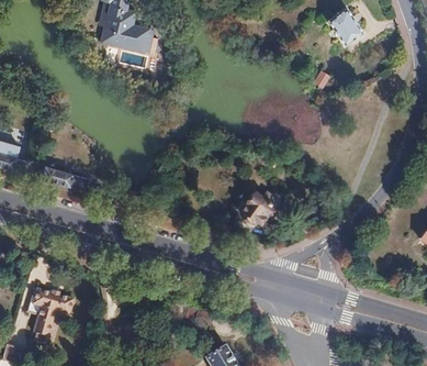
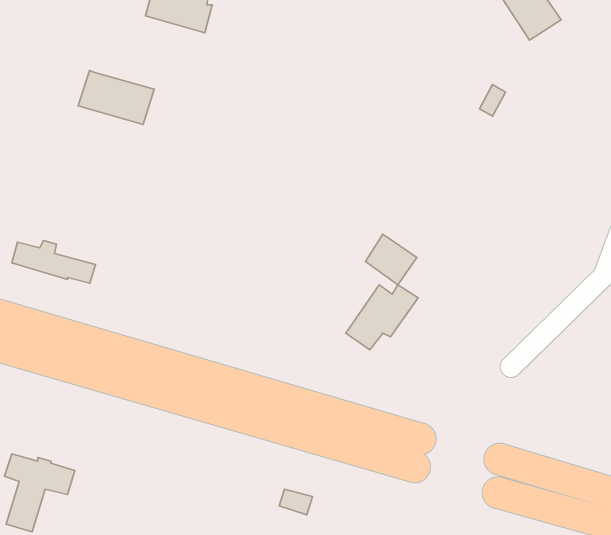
building: [105,29,150,60] -> [78,71,154,124]
building: none -> [366,234,417,285]

